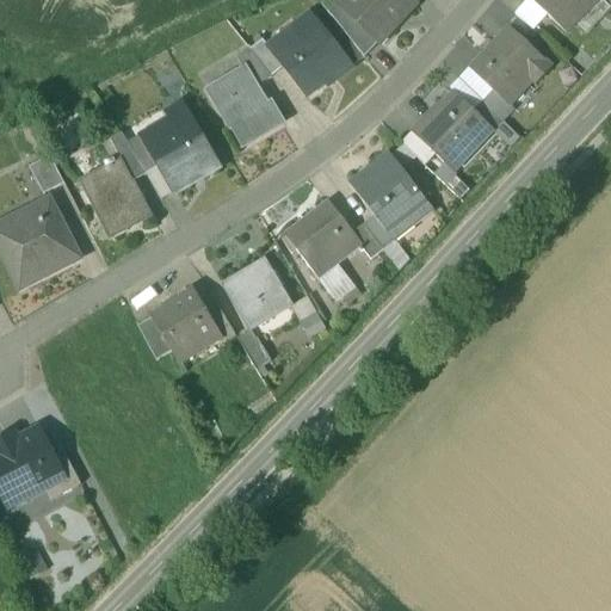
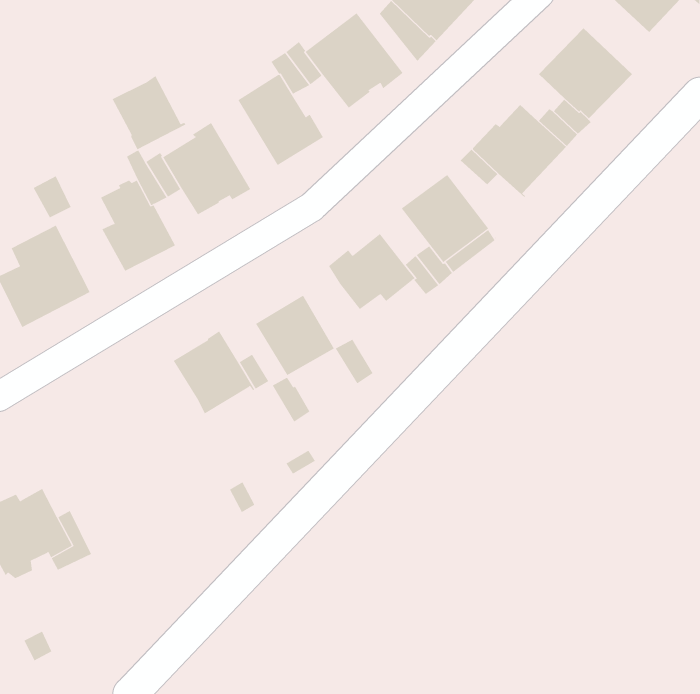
building: none -> [112,75,186,150]
building: [137,314,172,358] -> none

